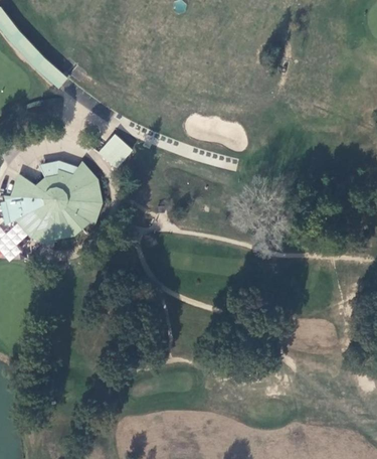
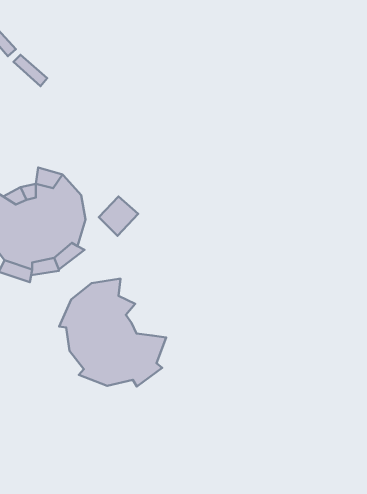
building: [97,133,131,167] -> [99,196,138,236]
building: none -> [59,279,166,386]

